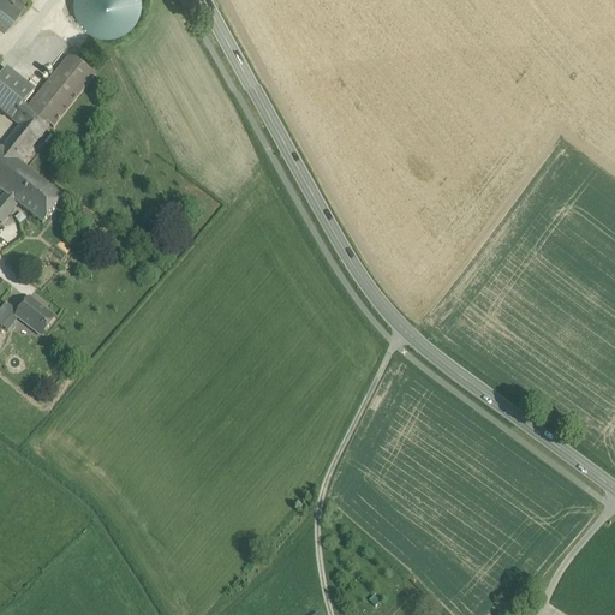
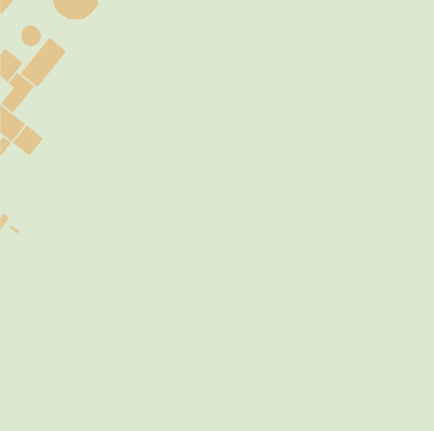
building: [16,297,54,334] -> none

